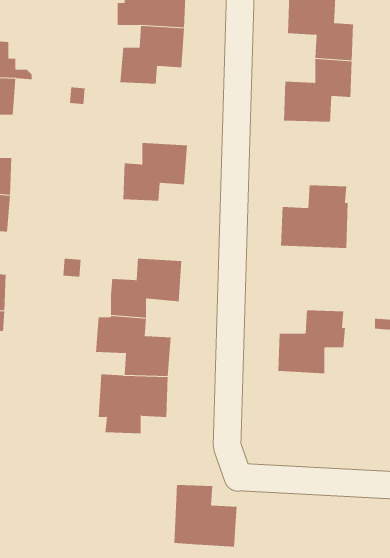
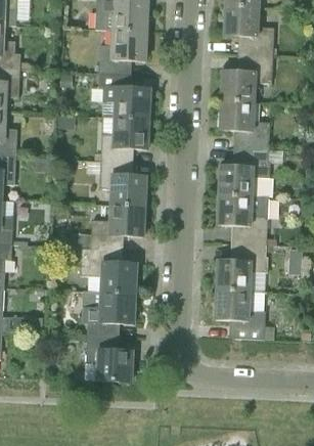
building: none -> [97,71,149,118]
building: none -> [219,99,269,148]
building: none -> [98,159,145,205]
building: none -> [217,193,268,242]
building: none -> [215,287,265,338]
building: [174,485,238,547] -> [84,333,132,381]

